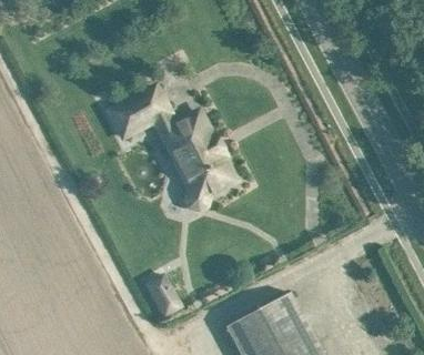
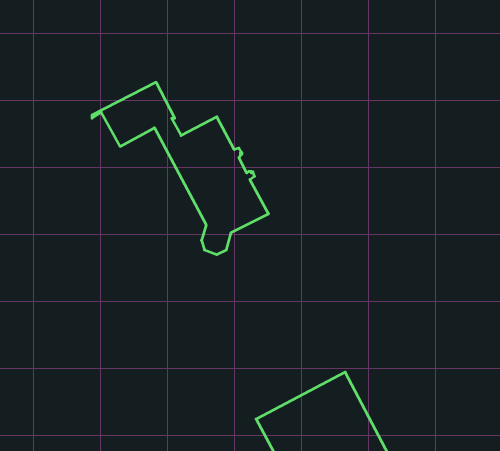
building: [144,274,179,315] -> none

